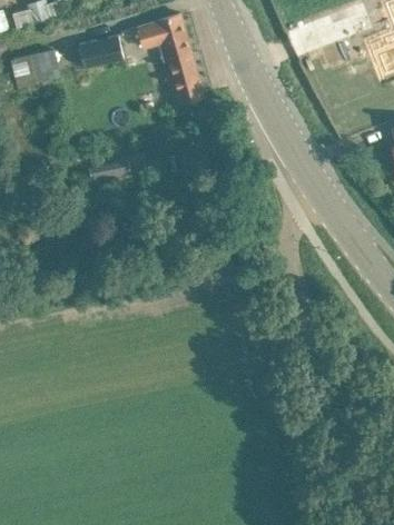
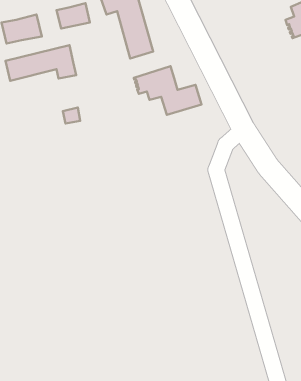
building: none -> [6,45,76,81]
building: none -> [134,66,202,115]

